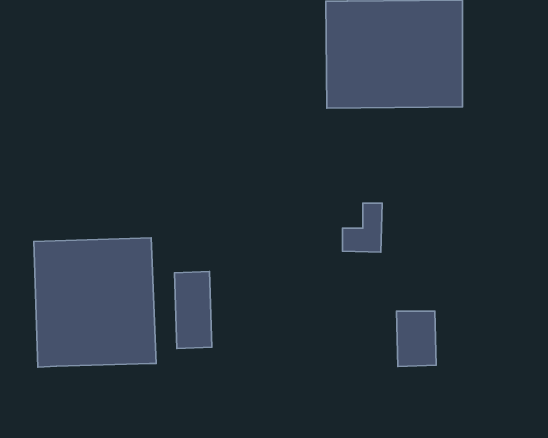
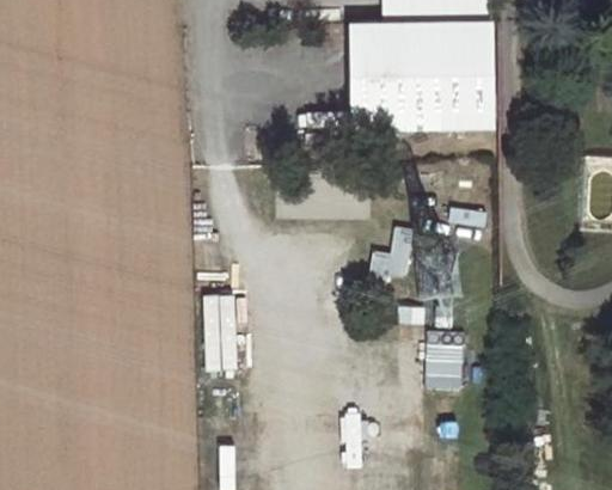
building: [34,238,156,367] -> none

